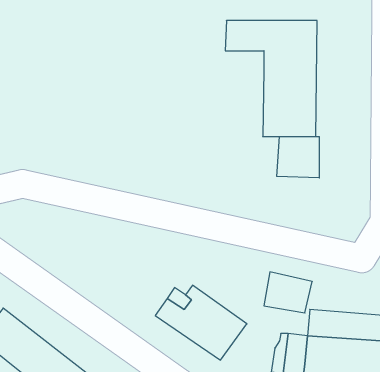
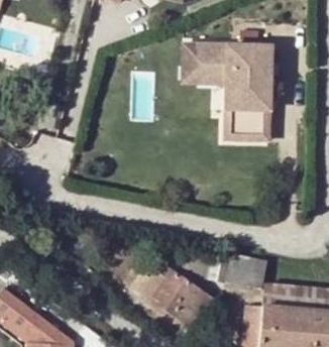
building: none -> [180,44,226,87]
building: [277,137,319,178] -> none

